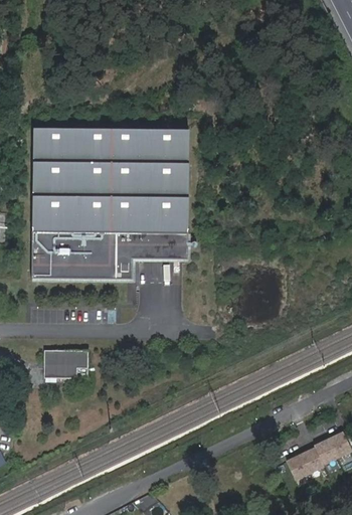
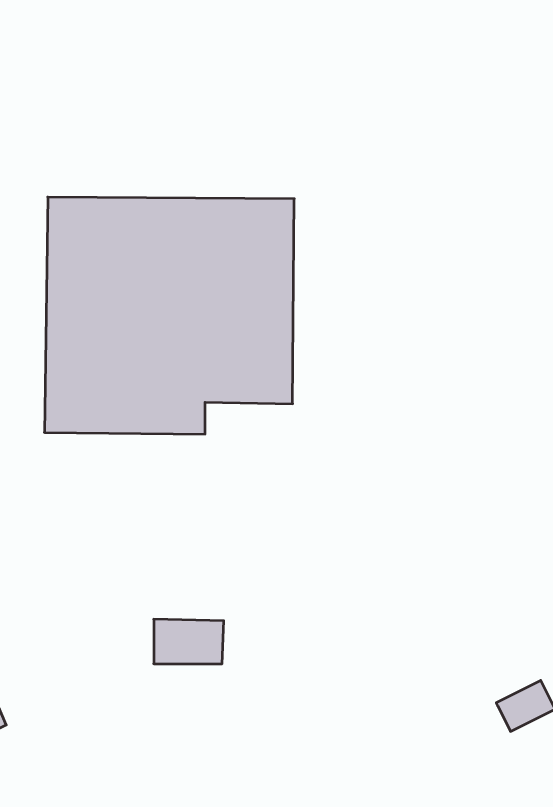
building: [44,348,89,376] -> [154,619,224,664]
building: [288,450,326,482] -> none

